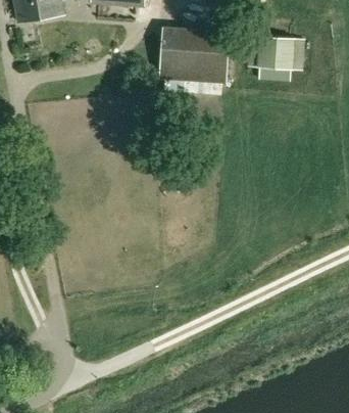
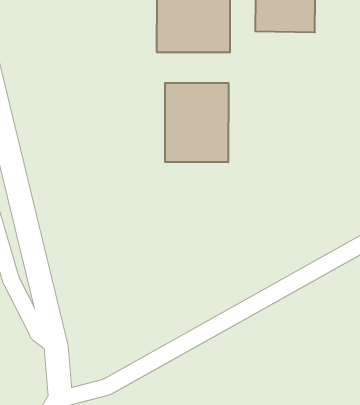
building: none -> [165,83,228,162]

